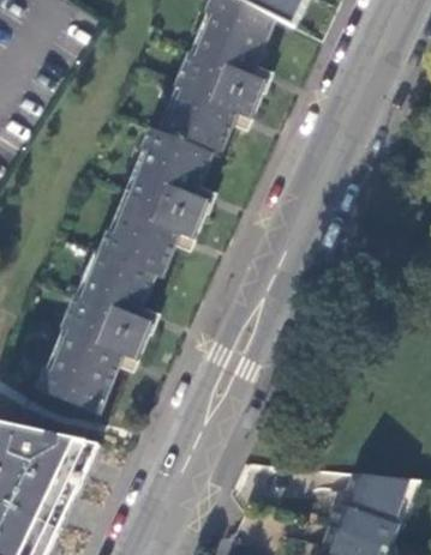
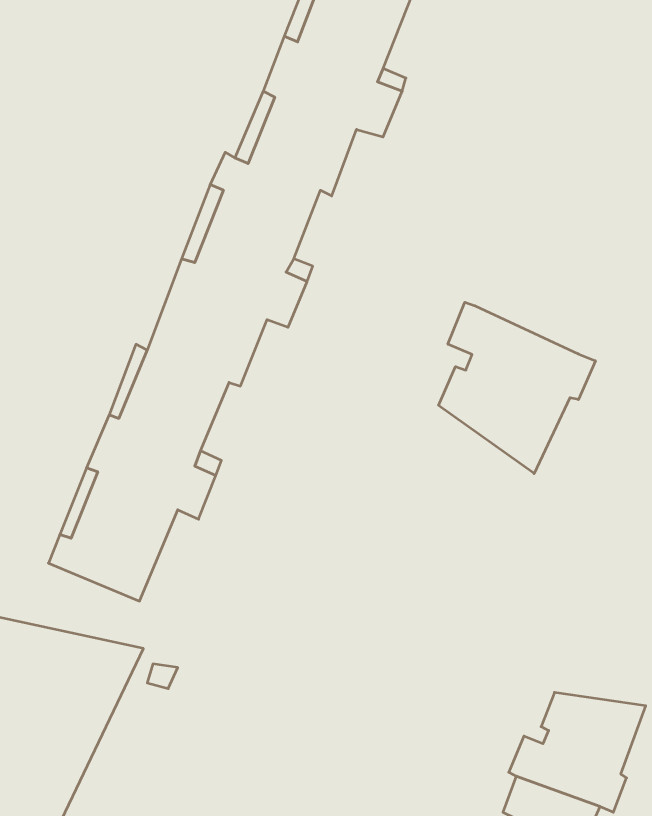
building: none -> [439,302,595,474]

